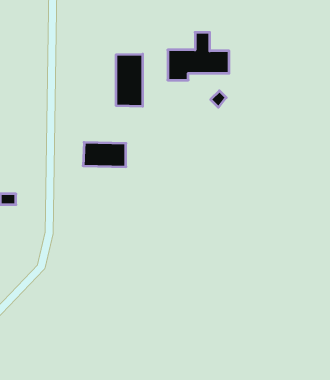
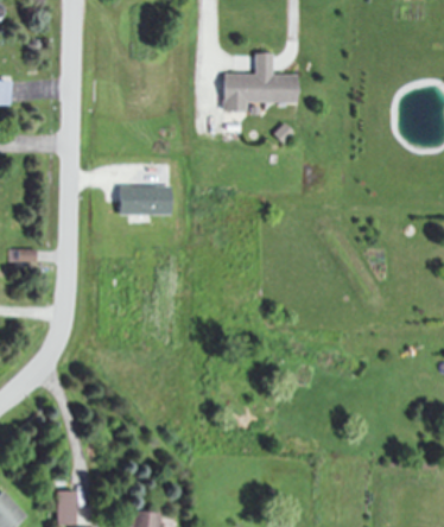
building: [116,54,143,106] -> none

